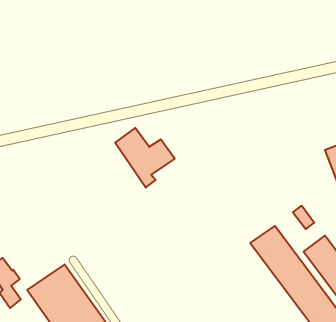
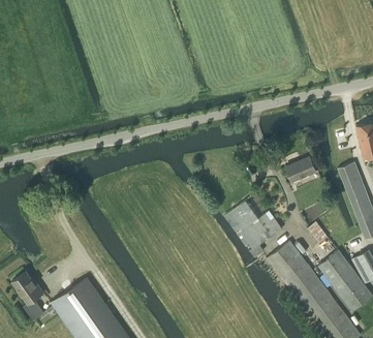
building: [115,128,175,188] -> [225,199,283,257]
building: none -> [286,156,316,182]

